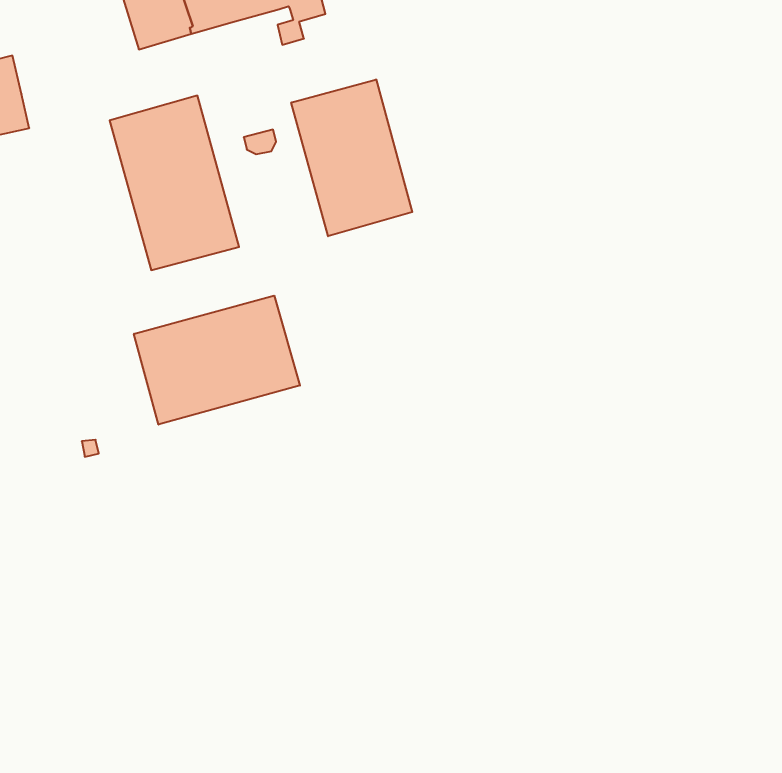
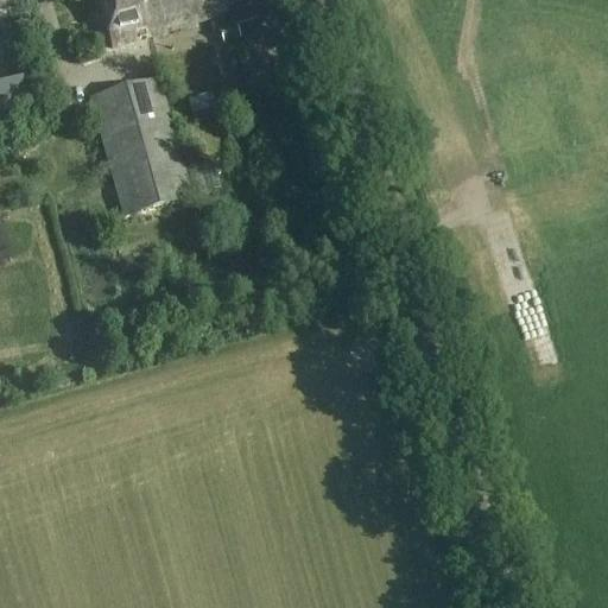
building: [291,79,412,236] -> none
building: [134,296,300,425] -> none

